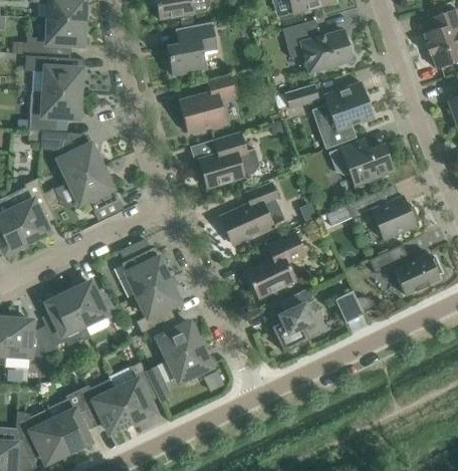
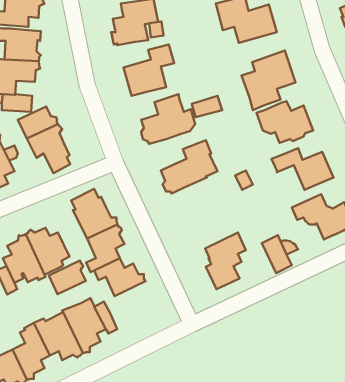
building: [284,83,318,107] -> [192,96,222,117]
building: [244,231,305,298] -> none
building: [168,342,210,381] -> [49,260,86,294]

